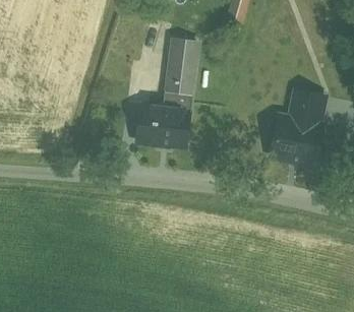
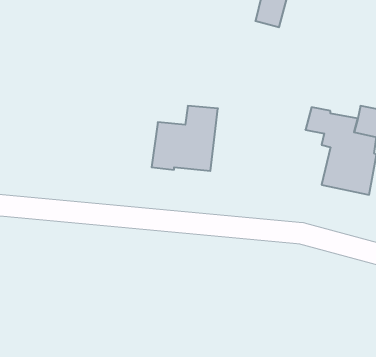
building: [166,40,197,93] -> none

